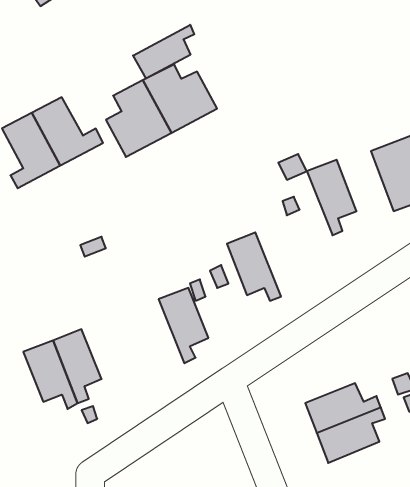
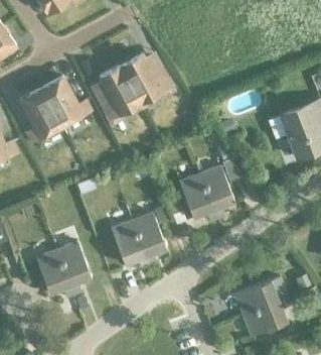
building: [133,25,194,79] -> none
building: [307,160,357,235] -> [199,165,234,219]
building: none -> [111,221,149,269]

